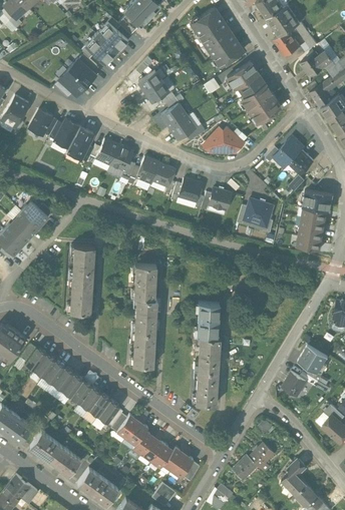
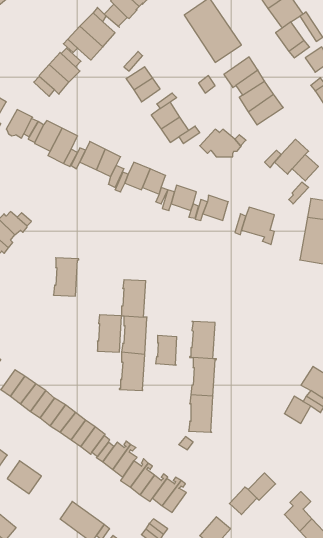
building: [69,280,91,314] -> [97,315,122,352]
building: none -> [156,335,177,365]
building: [49,445,79,475] -> none

